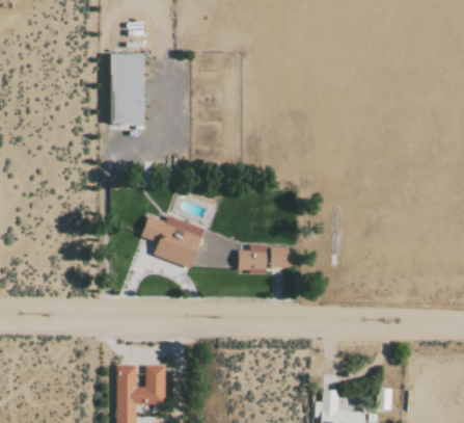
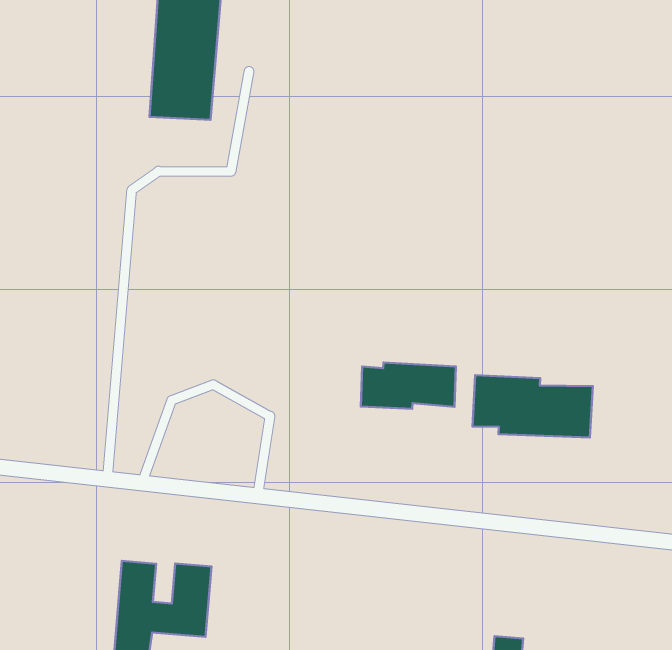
building: [141,216,204,268] -> none
building: none -> [472,375,593,437]

